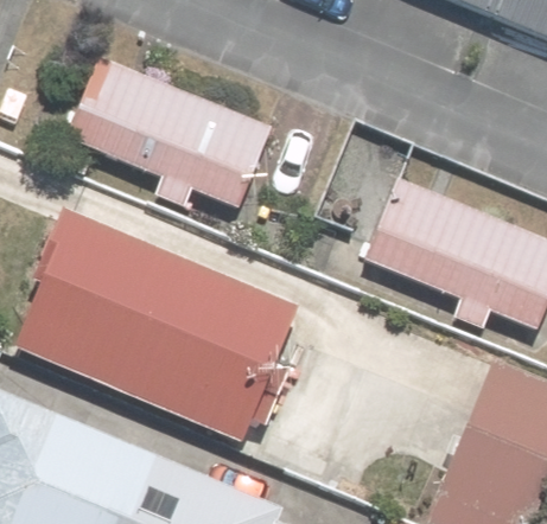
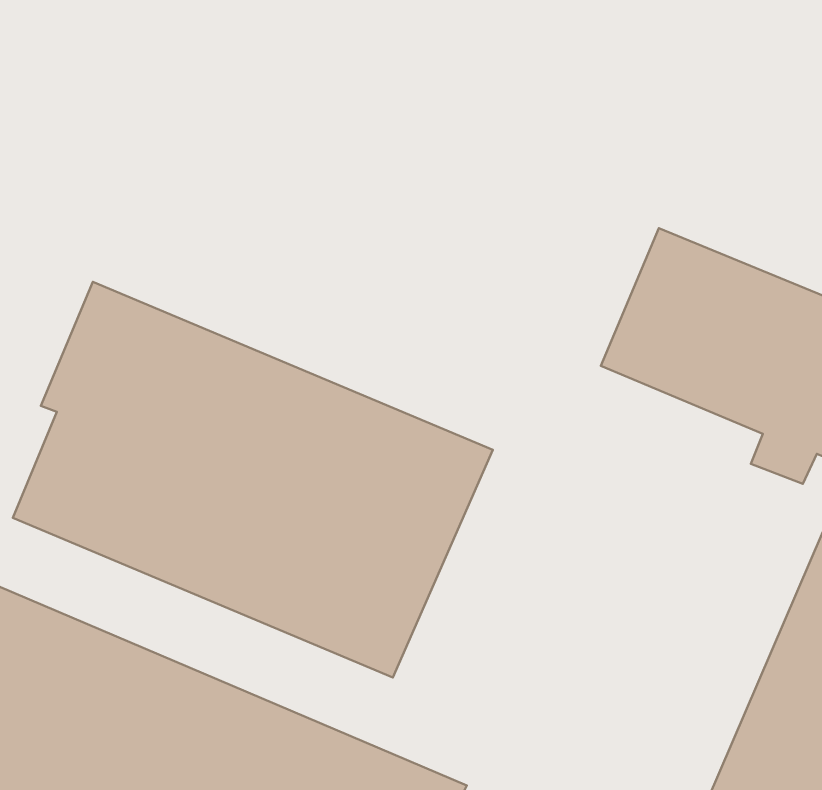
building: [68,56,273,209] -> none

